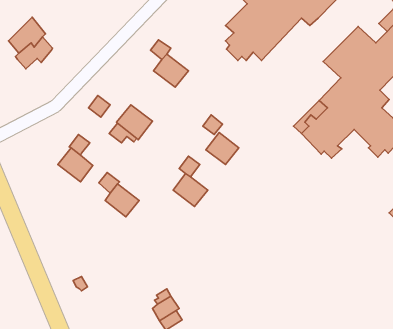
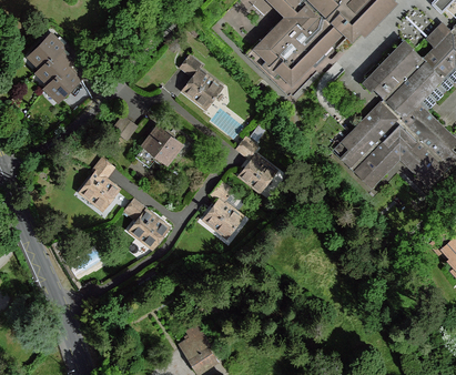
building: none -> [33,68,84,107]

